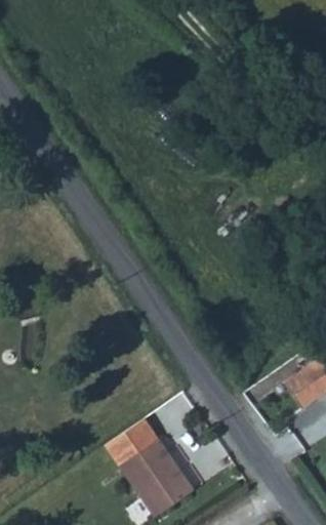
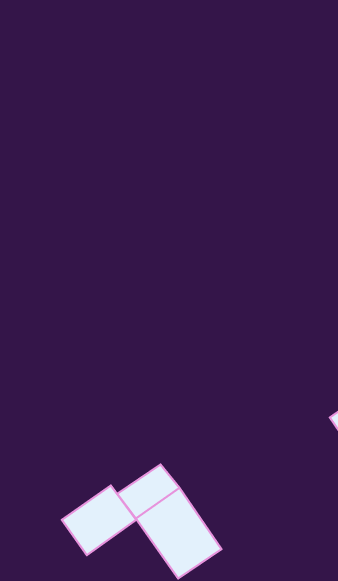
building: none -> [62,485,136,555]

